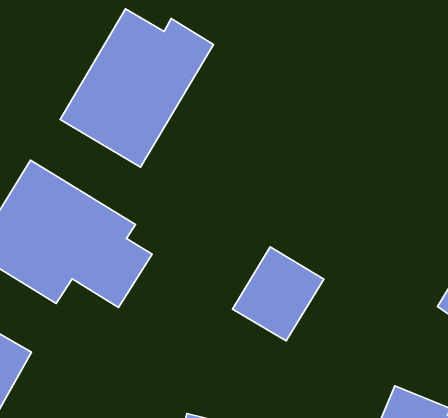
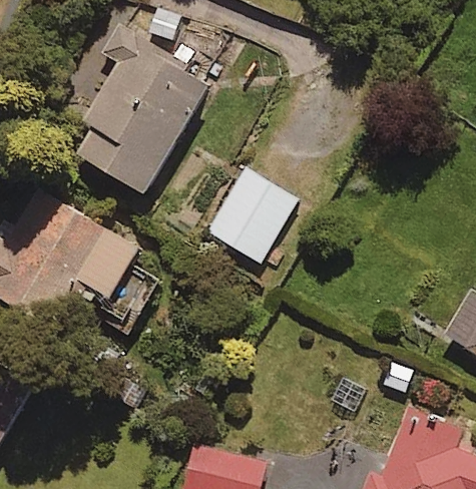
building: [233,247,324,341] -> [203,165,296,261]

